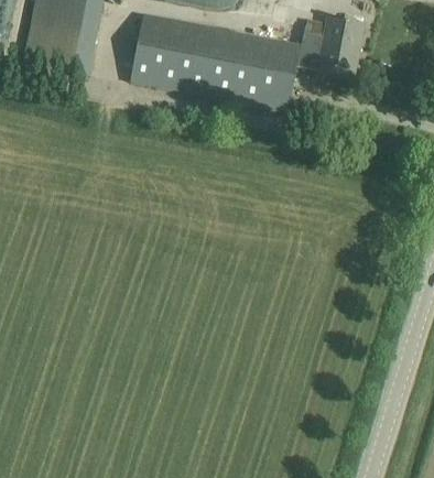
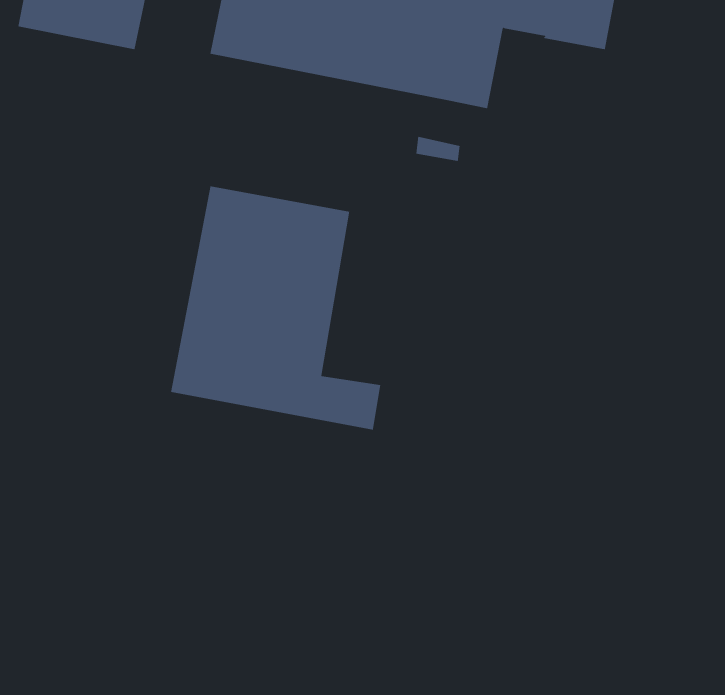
building: none -> [171,186,381,430]

